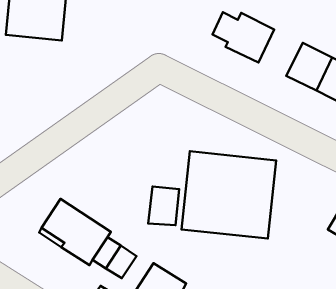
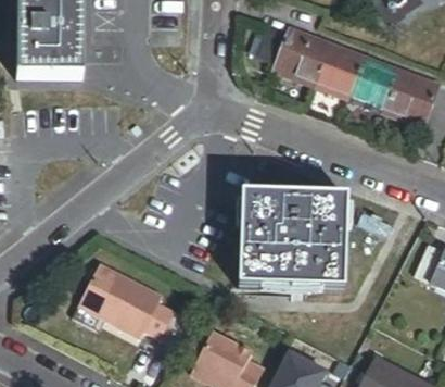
building: none -> [315,43,365,97]
building: [148,186,179,225] -> none

